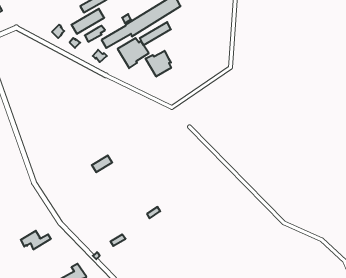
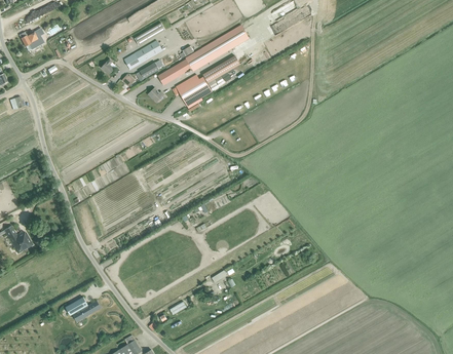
building: [146,51,171,77] -> none

